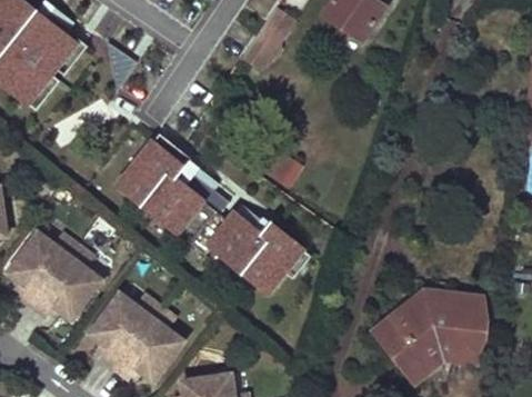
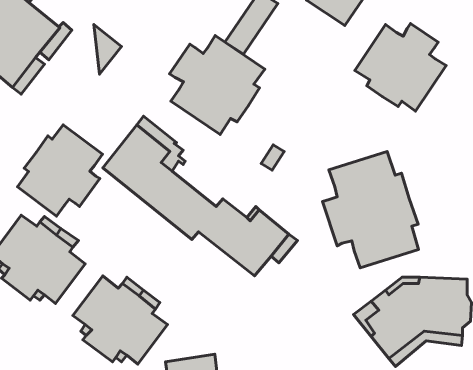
building: none -> [355,23,446,111]
building: none -> [170,36,265,135]
building: none -> [18,125,102,216]
building: none -> [323,151,418,268]

